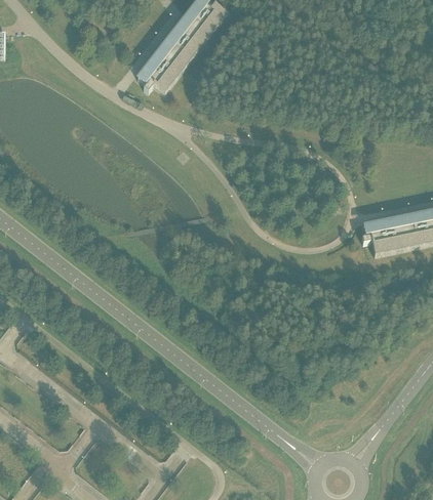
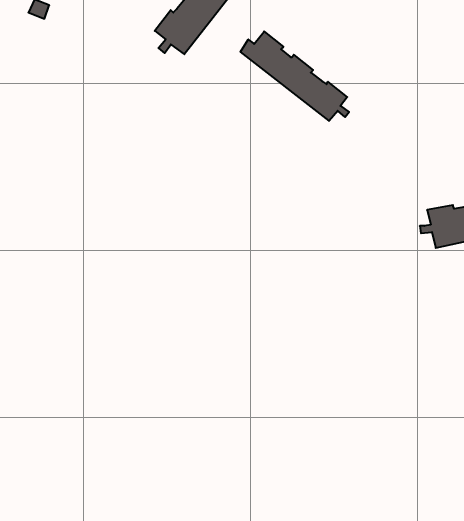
building: none -> [240,31,349,121]

